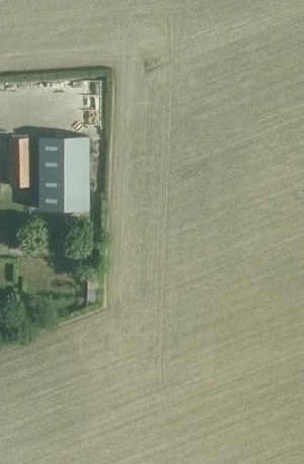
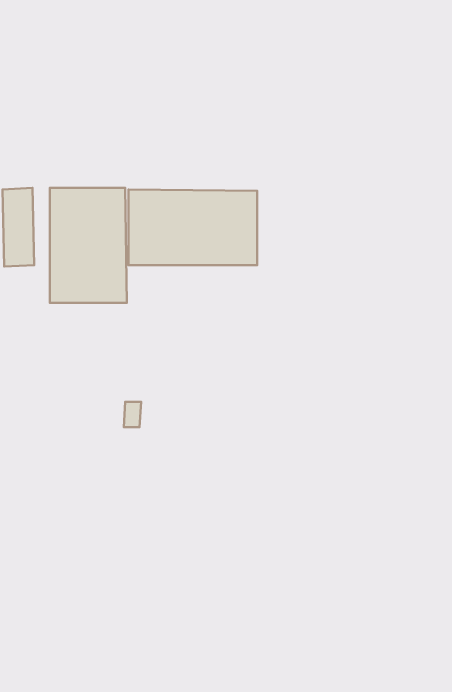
building: none -> [129,189,257,265]

